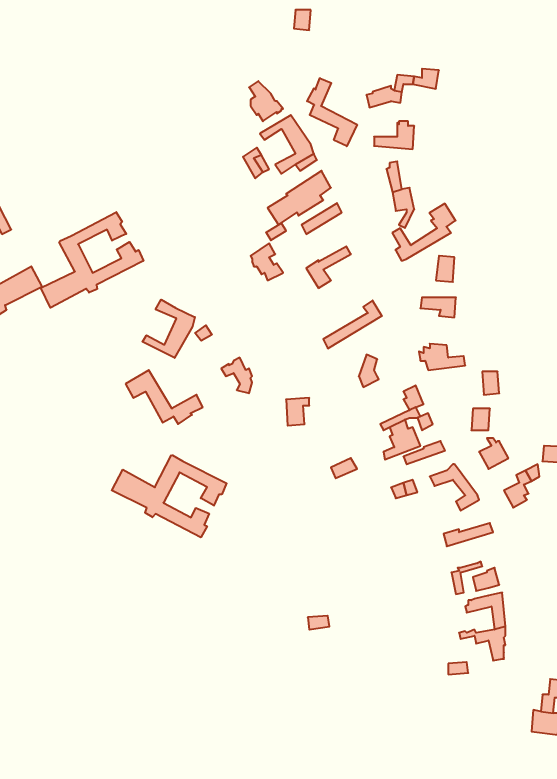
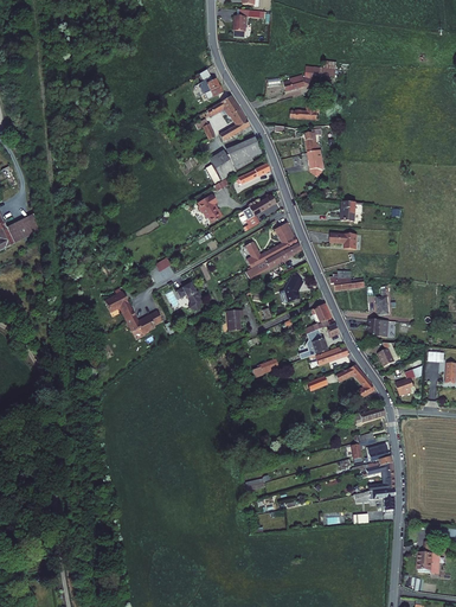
building: [307,78,357,146] -> none
building: [392,204,456,261] -> [244,225,293,269]
building: [41,212,143,308] -> none
building: [142,300,195,358] -> none
building: [112,455,227,537] -> none

